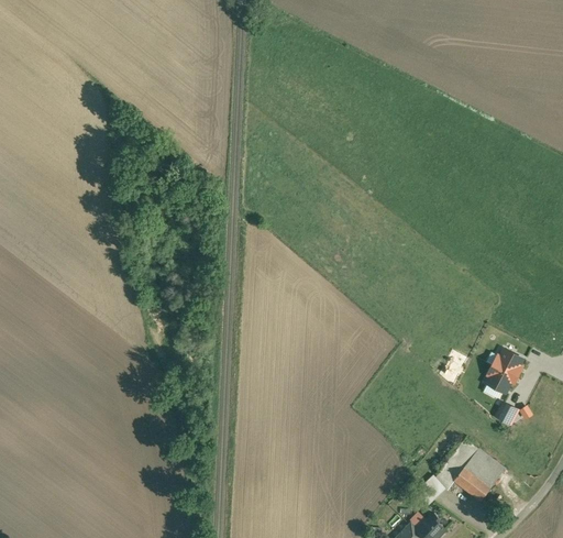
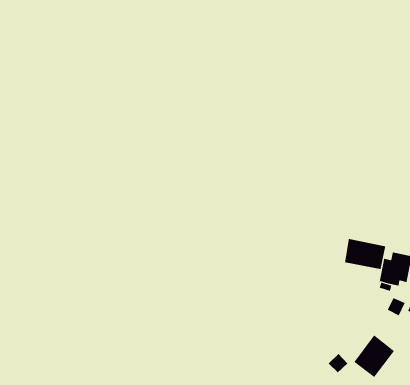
building: none -> [344,238,386,270]

